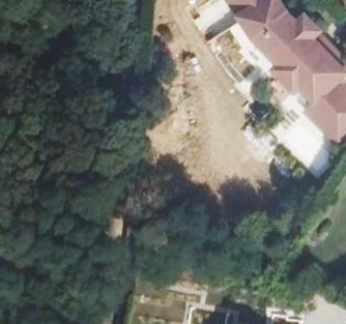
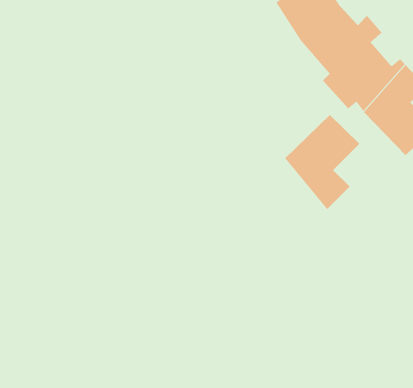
building: none -> [284,114,360,210]

